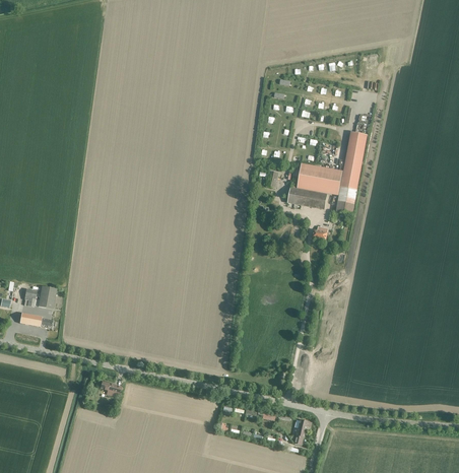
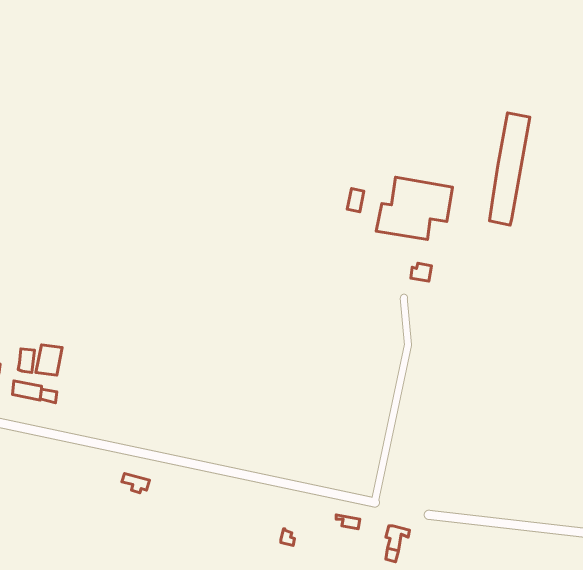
building: [336,131,366,213] -> [490,113,530,225]

